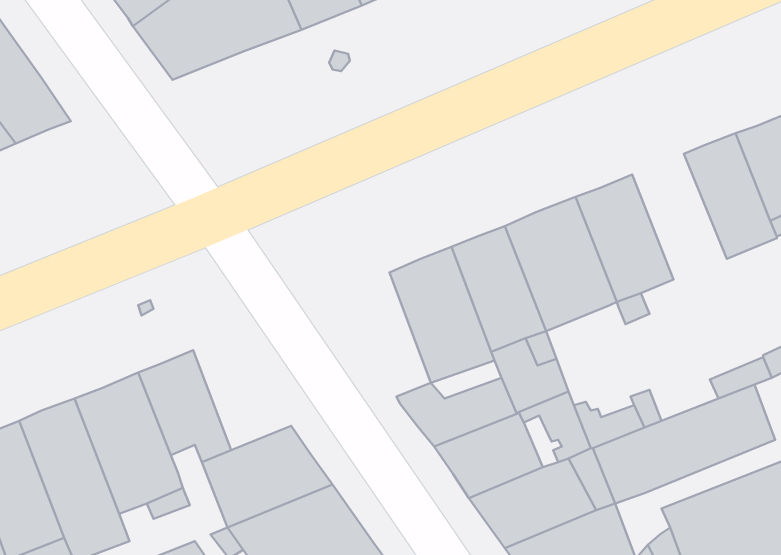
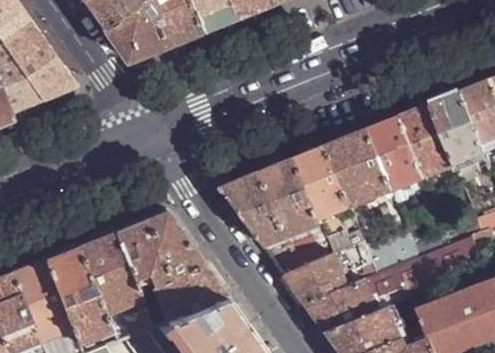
building: none -> [401,104,456,177]
building: none -> [223,173,284,245]
building: none -> [146,210,203,276]

